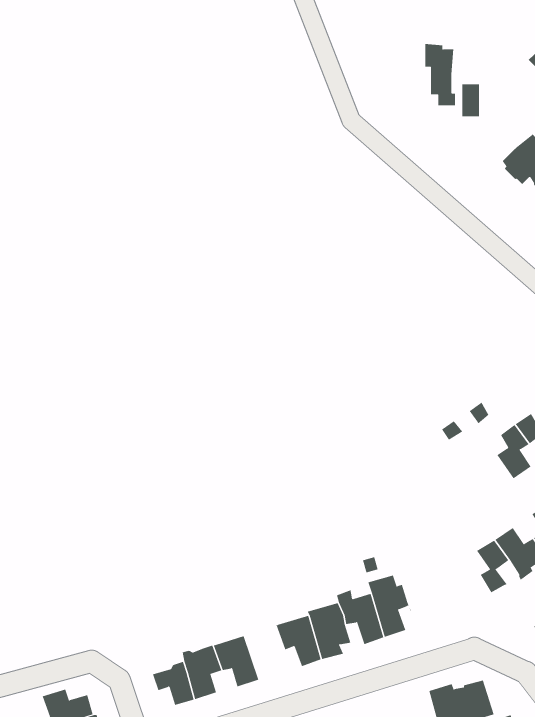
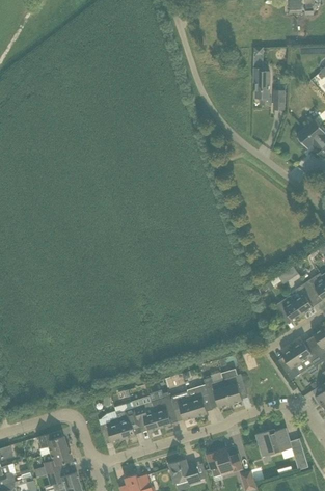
building: none -> [275,295,303,321]
building: none -> [152,395,173,428]

